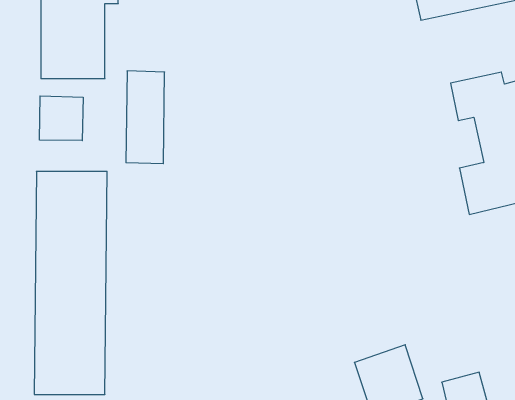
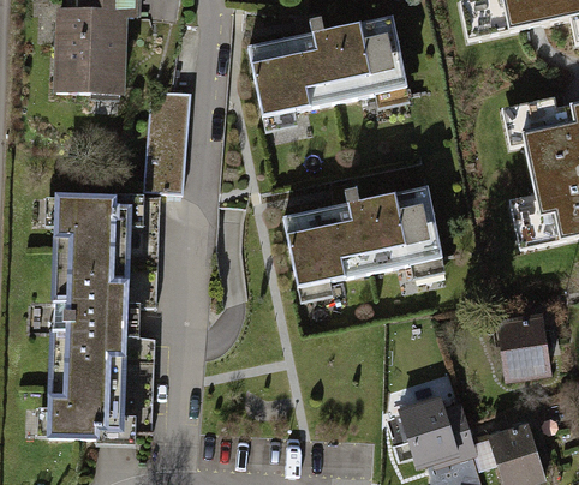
building: none -> [249,16,408,133]
building: [40,96,83,141] -> none
building: none -> [287,188,447,307]
building: none -> [499,307,549,367]

